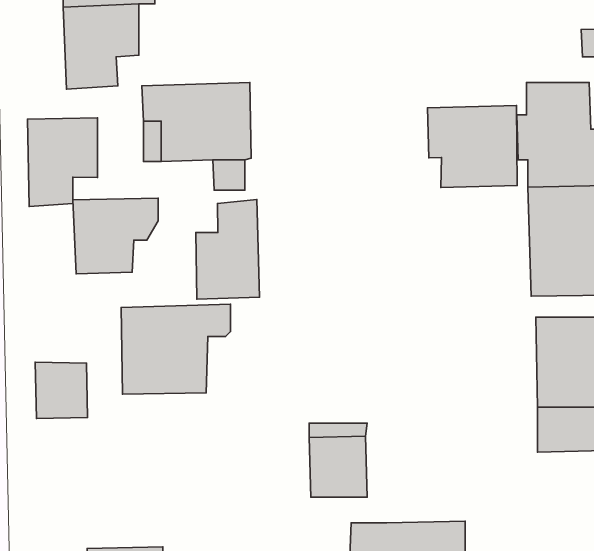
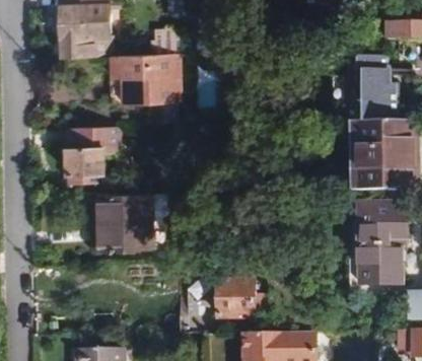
building: [427,105,517,188] -> none
building: [28,118,98,207] -> none
building: [196,200,259,299] -> none
building: [35,362,88,418] -> none

